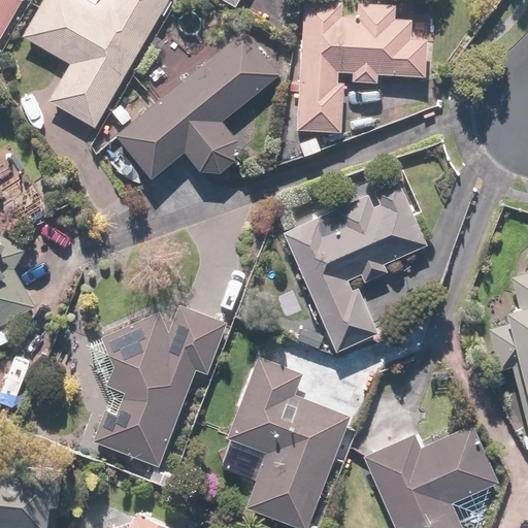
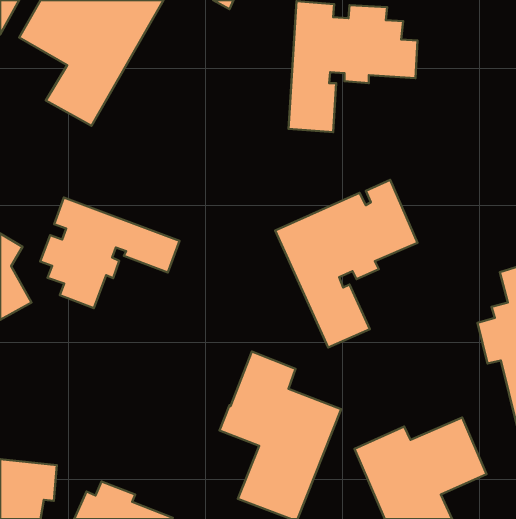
building: [116,33,280,180] -> none
building: none -> [40,197,179,308]
building: [93,306,228,467] -> none

